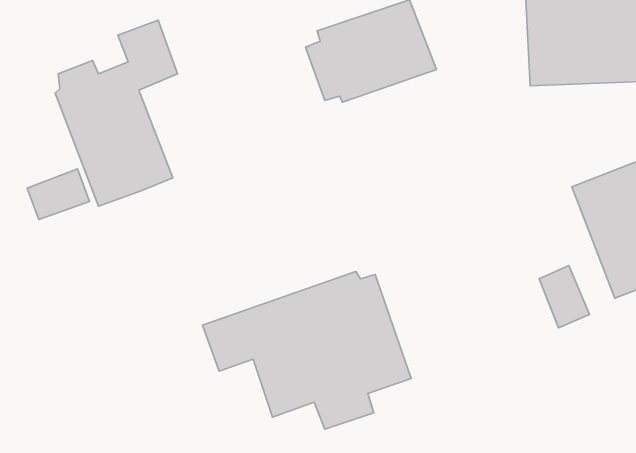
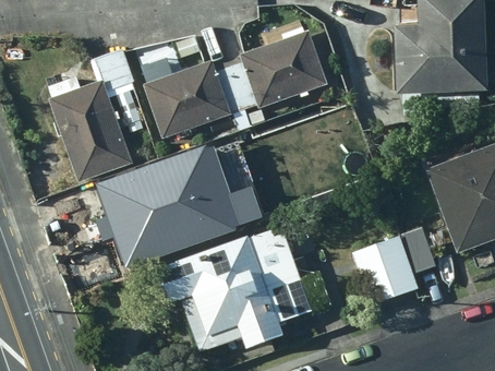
building: none -> [144,61,245,136]
building: none -> [94,147,256,267]
building: none -> [353,235,418,302]

